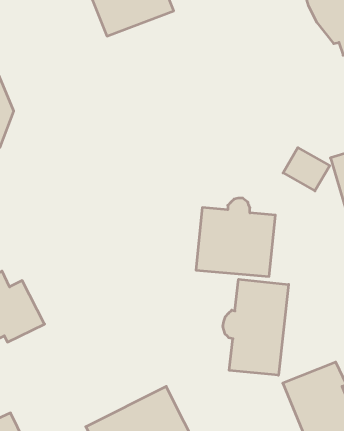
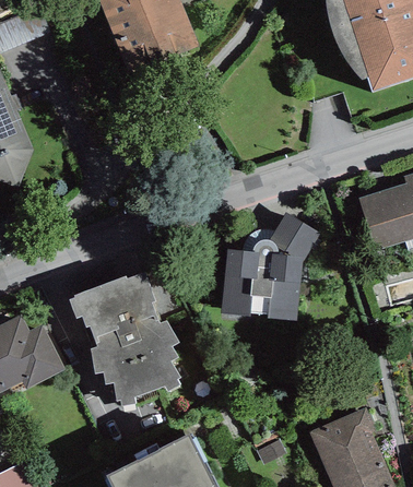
building: [283,148,330,191] -> [269,211,317,256]
building: none -> [69,270,179,404]
building: [223,279,289,375] -> none

